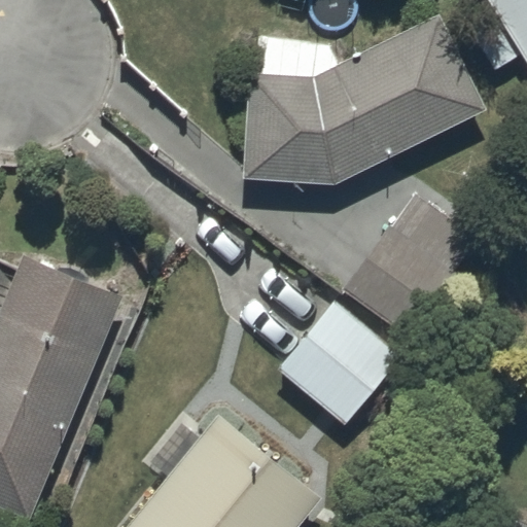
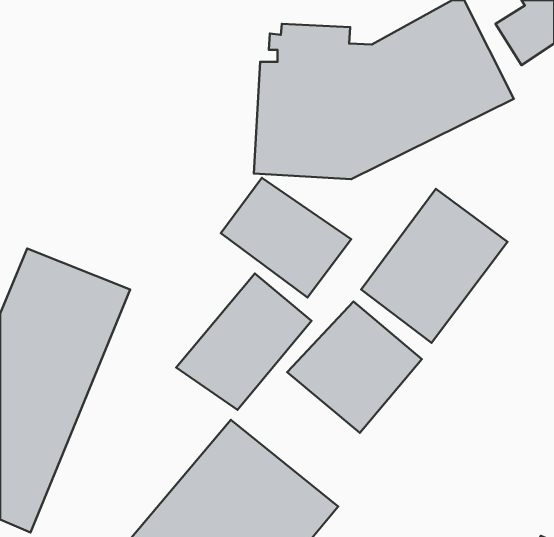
building: none -> [221,178,351,298]
building: none -> [176,273,312,410]

